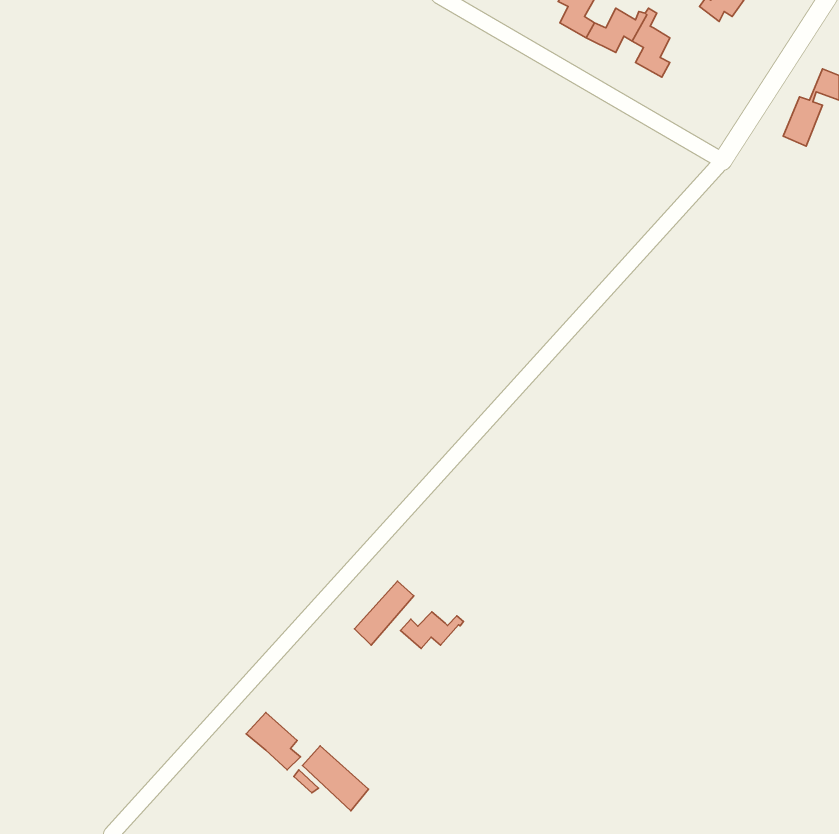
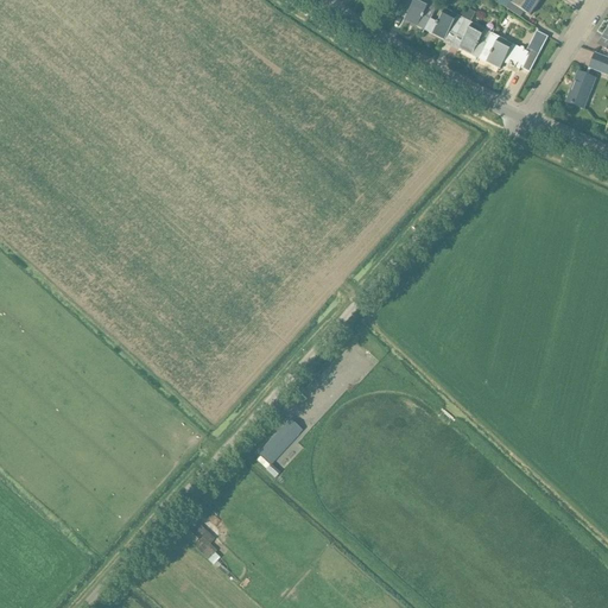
building: none -> [479,28,549,70]
building: [401,612,463,649] -> none
building: [302,746,369,811] -> none

